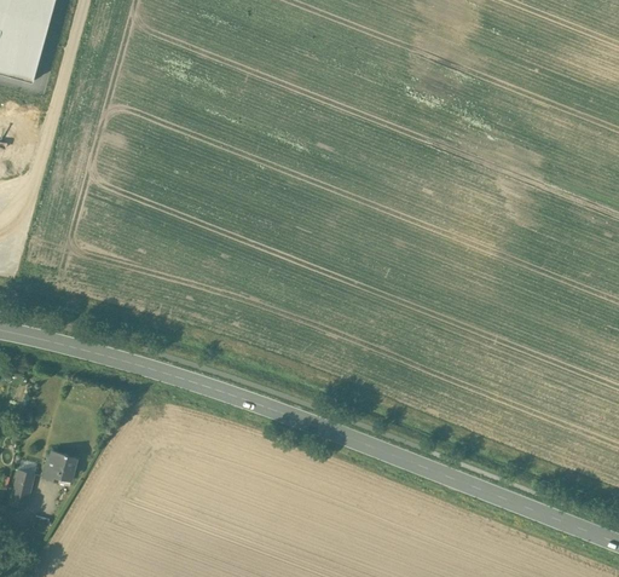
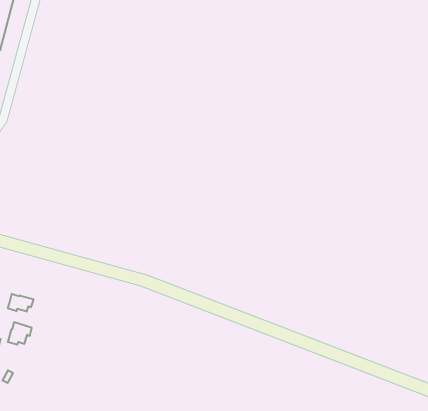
building: none -> [8,294,33,312]

